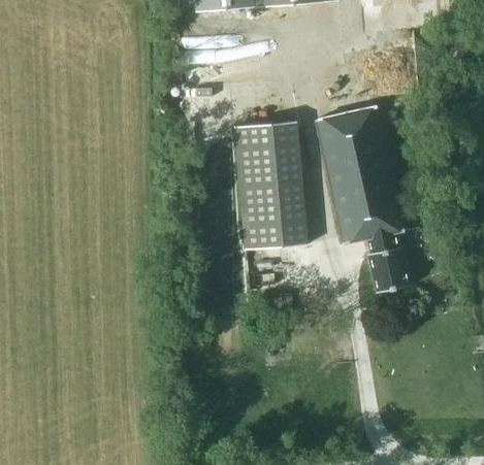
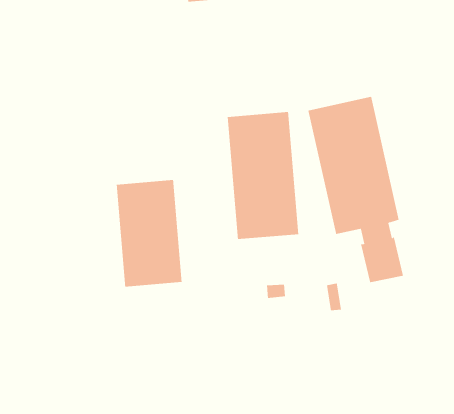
building: none -> [116,179,182,287]

